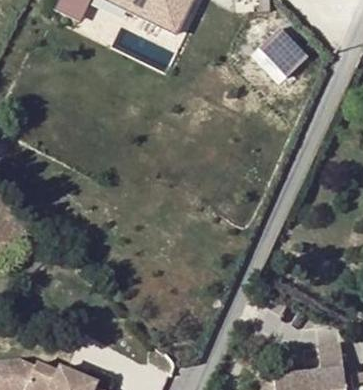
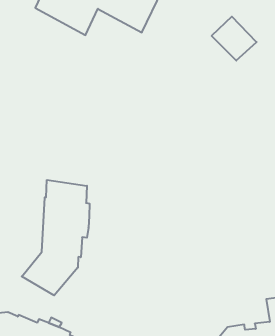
building: none -> [22,180,90,295]

